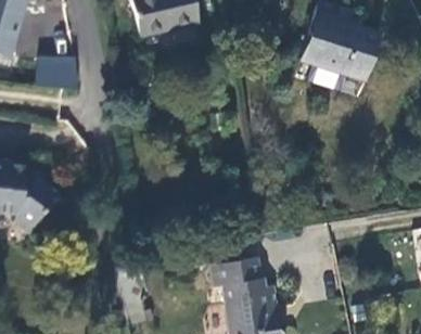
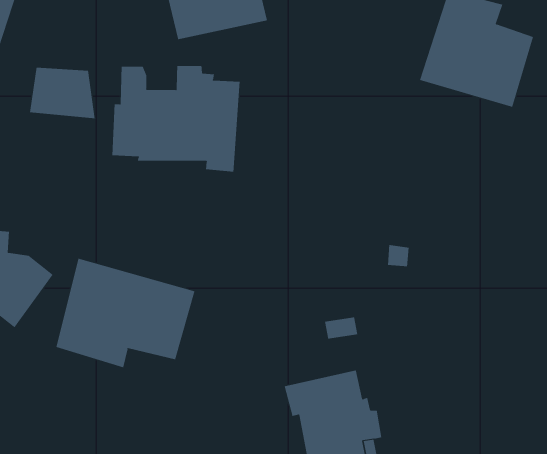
building: none -> [112,65,240,173]
building: none -> [56,258,195,368]

